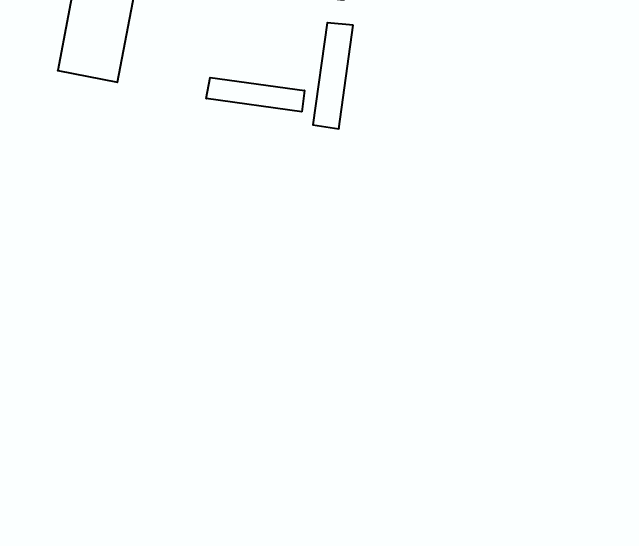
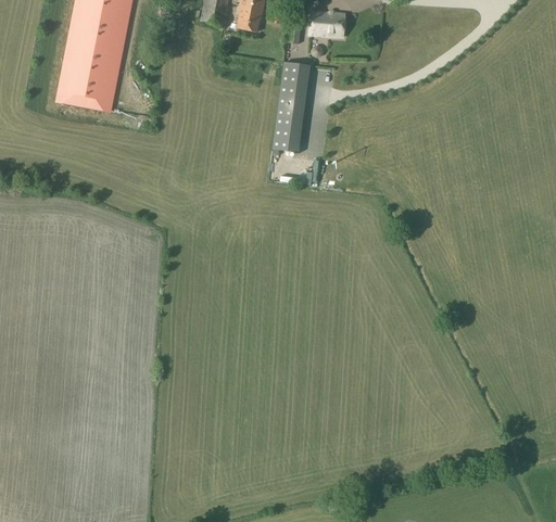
building: [206,78,304,112] -> none

